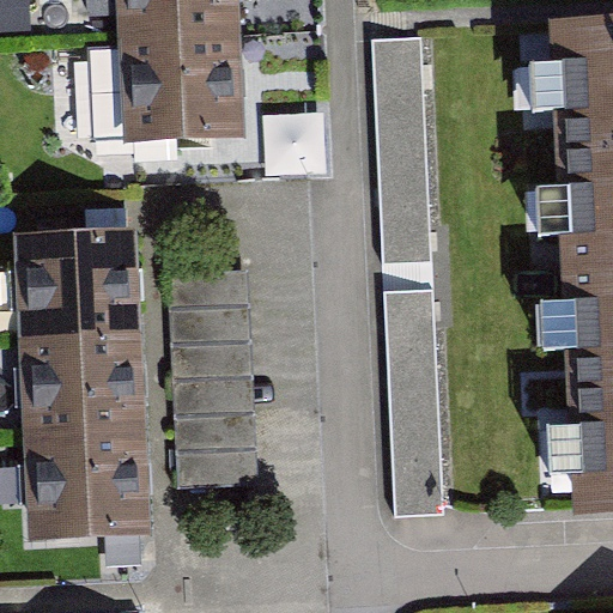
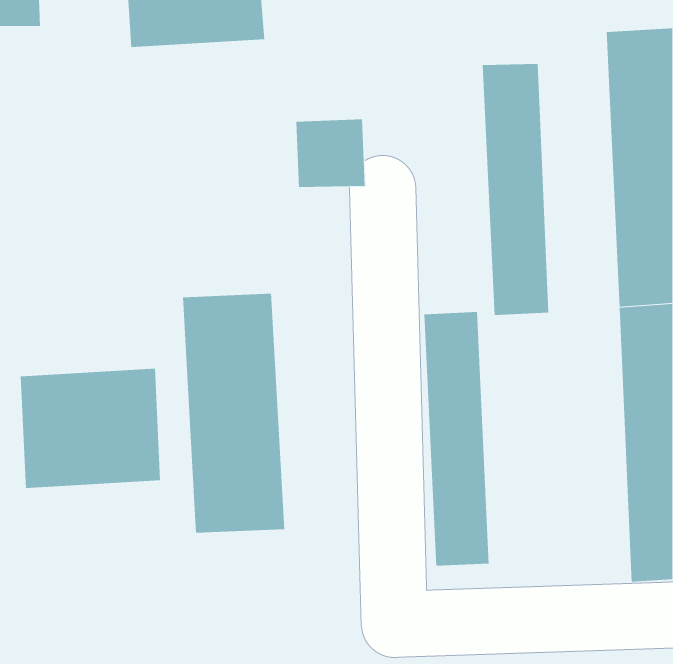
building: [371,31,432,260] -> [482,63,549,316]
building: [119,36,247,146] -> none
building: [12,232,141,341] -> none
building: [23,436,152,545] -> none

